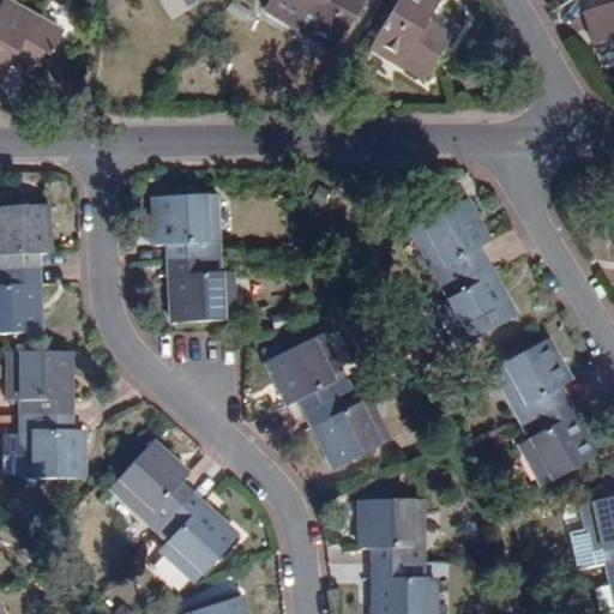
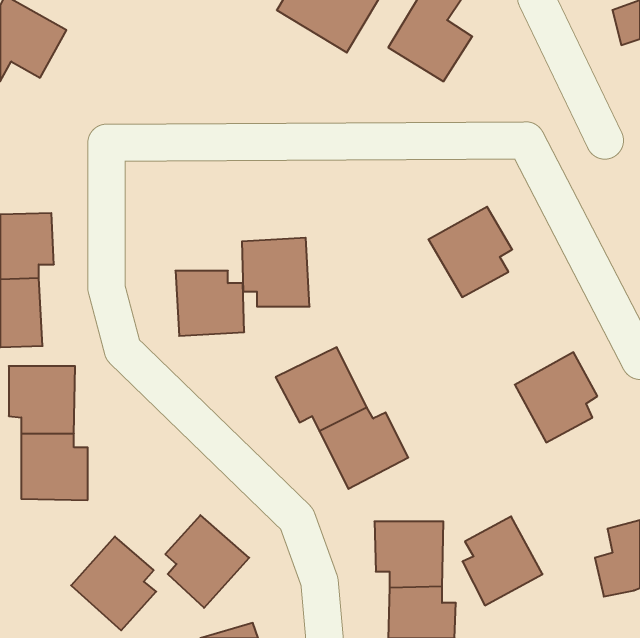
building: [154,193,218,259] -> [242,238,310,307]
building: [437,260,518,345] -> none
building: [520,399,597,484] -> [462,516,543,605]
building: [110,440,192,530] -> [71,536,156,630]

